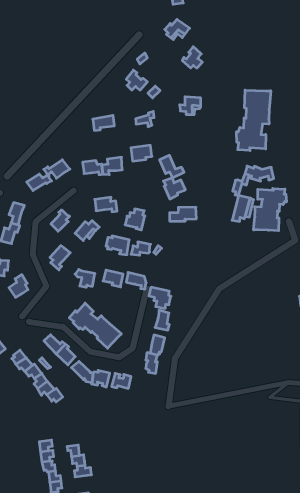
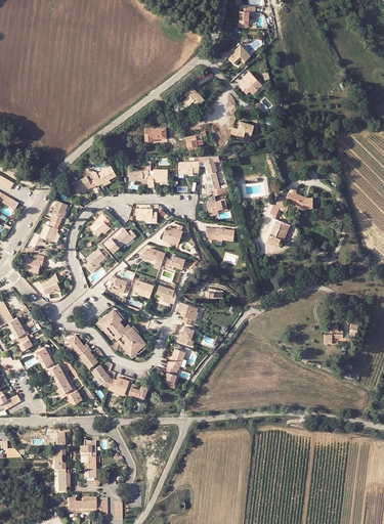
building: [237,90,271,151] -> none
building: [254,188,286,231] -> none

